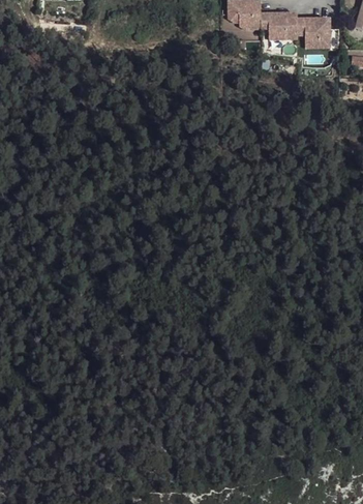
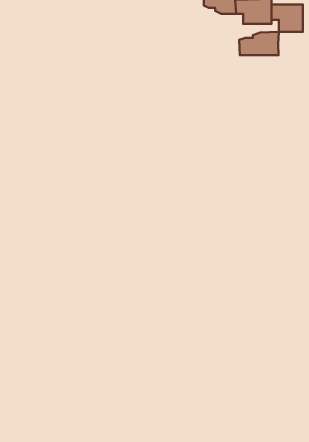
building: none -> [239,32,279,55]

